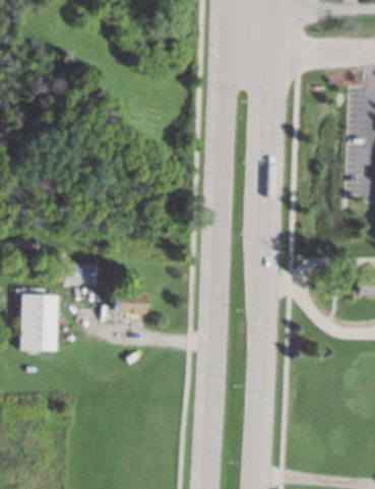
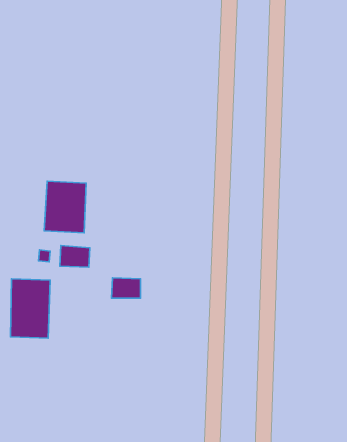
building: none -> [44,181,86,233]

